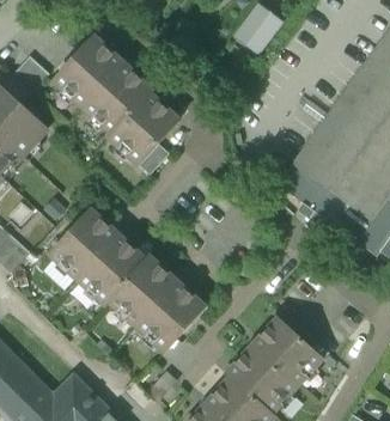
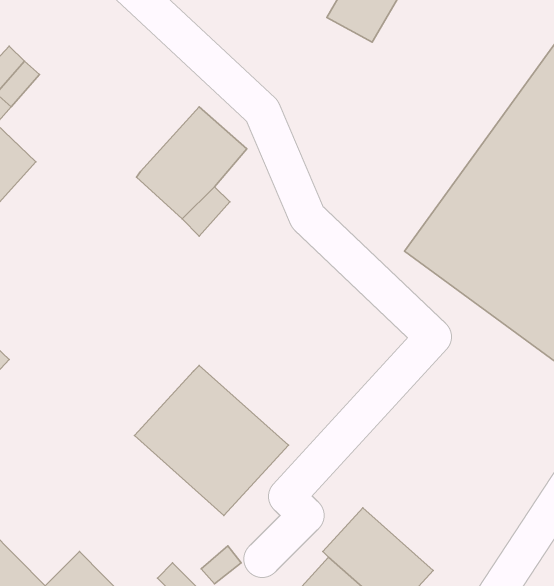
building: [54,35,153,133] -> none
building: [50,208,146,303] -> none
building: [252,316,323,384] -> none

